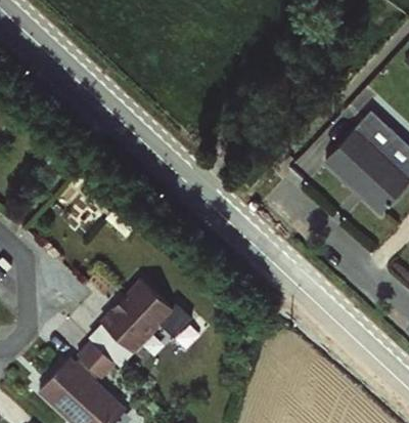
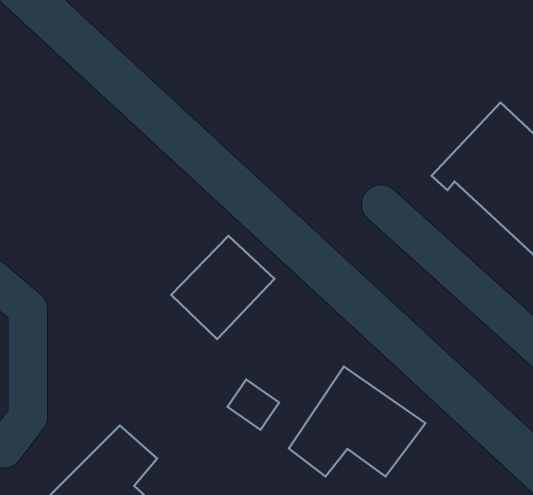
building: [99,280,173,353] -> [171,236,275,339]
building: none -> [289,366,426,477]

